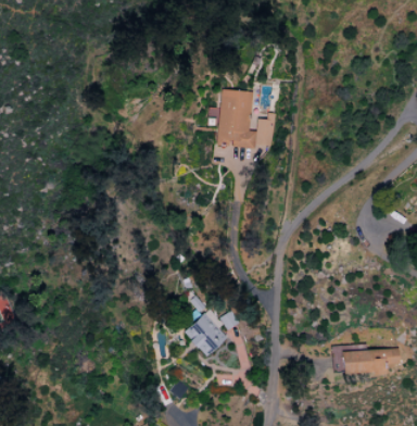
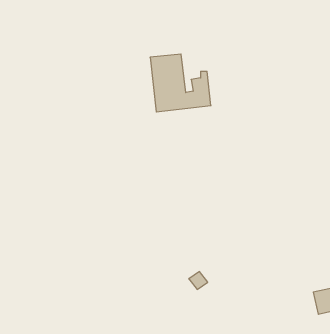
building: [182,312,227,356] -> none

